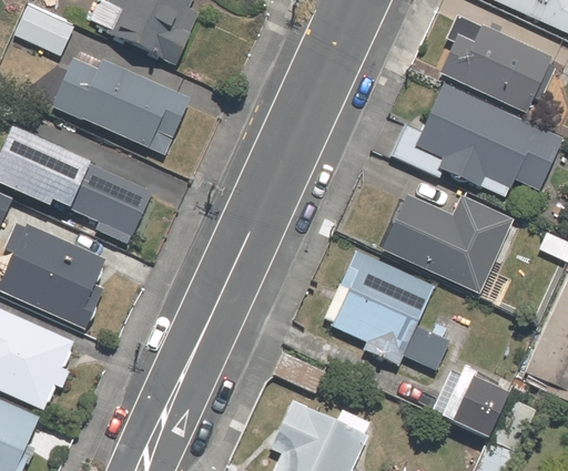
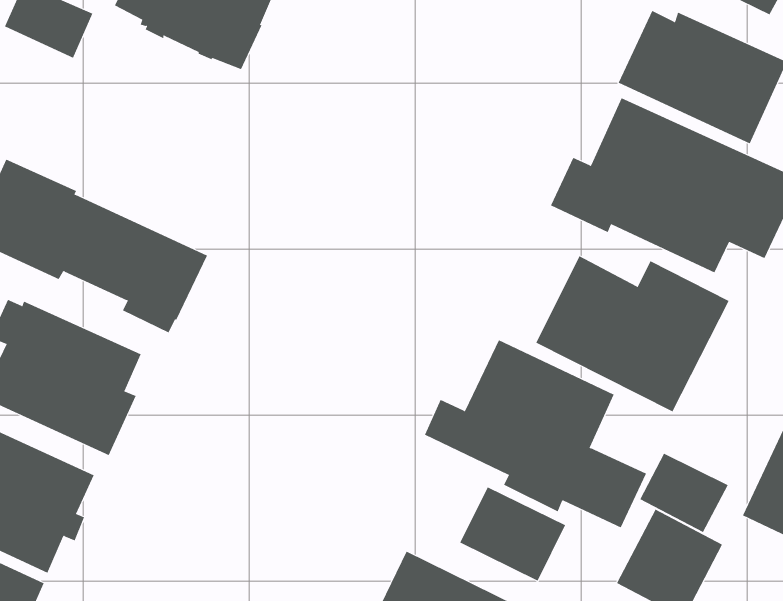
building: [53,50,193,156] -> none
building: none -> [640,453,729,533]
building: none -> [460,486,566,582]

